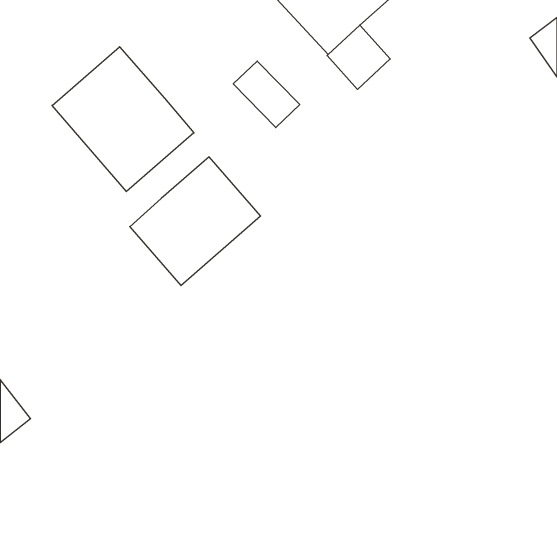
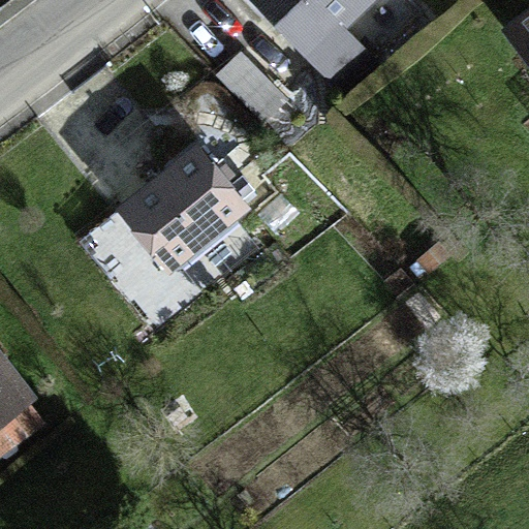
building: [52,47,194,192] -> none

